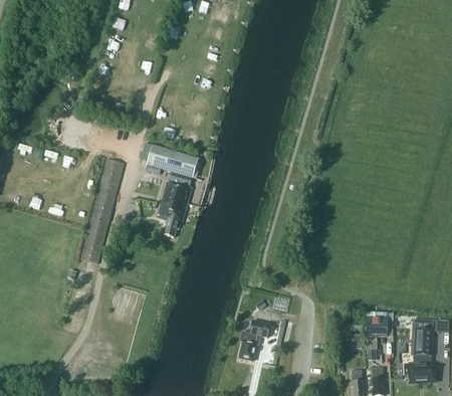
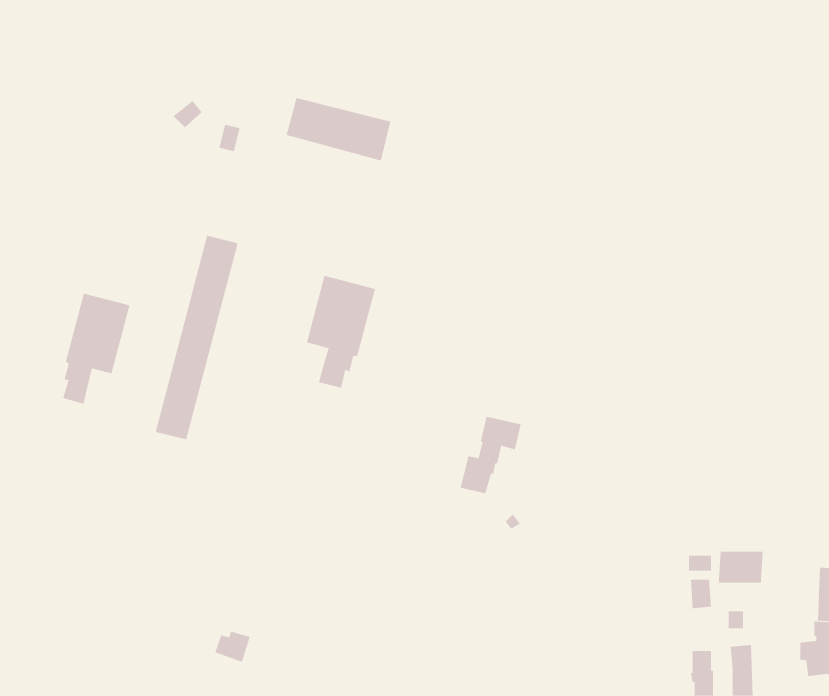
building: [146,144,199,176] -> [286,98,391,161]
building: none -> [62,293,130,404]
building: [240,320,271,359] -> [460,416,522,494]

